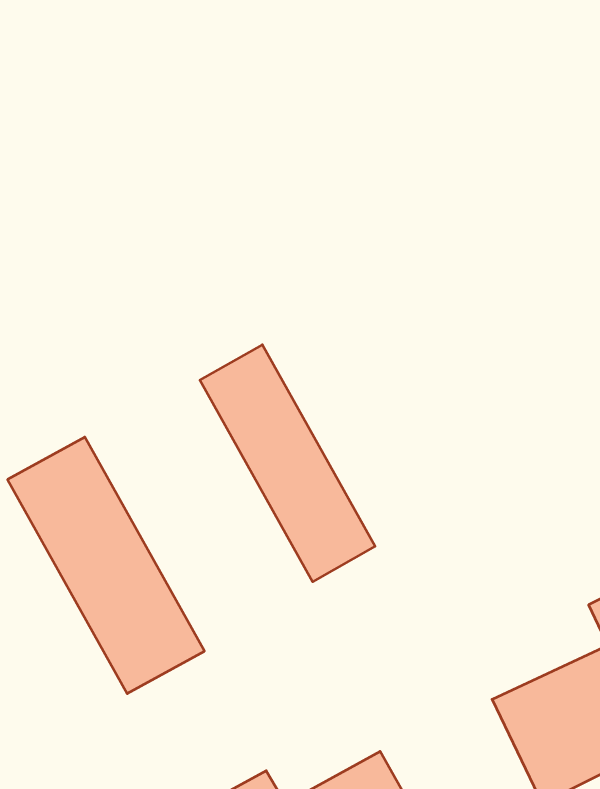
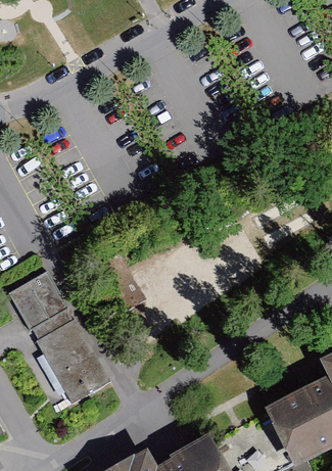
building: [200,345,375,582] -> none

